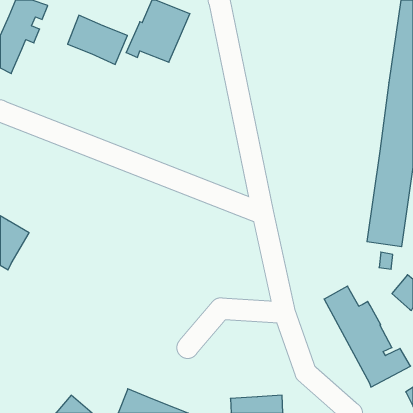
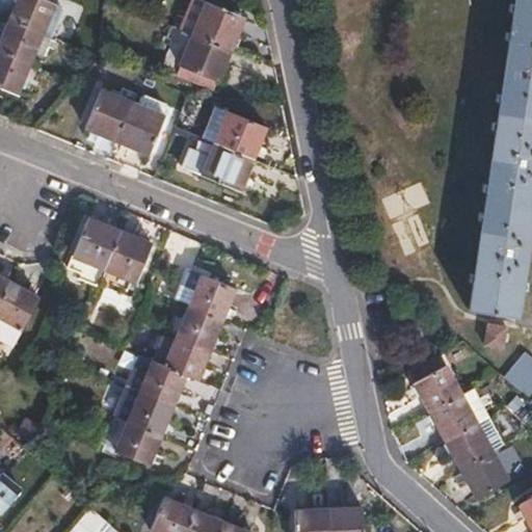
building: [68,15,127,64] -> [87,91,164,155]
building: none -> [182,108,264,189]
building: none -> [70,220,151,292]
building: none -> [102,273,235,466]

